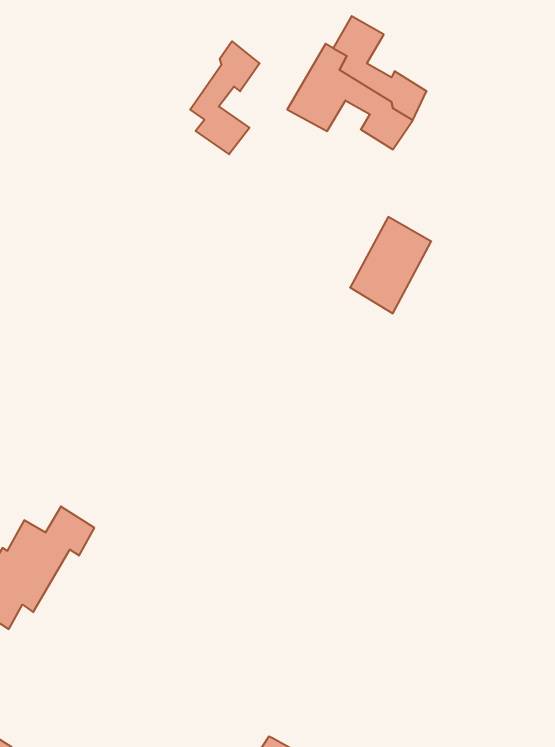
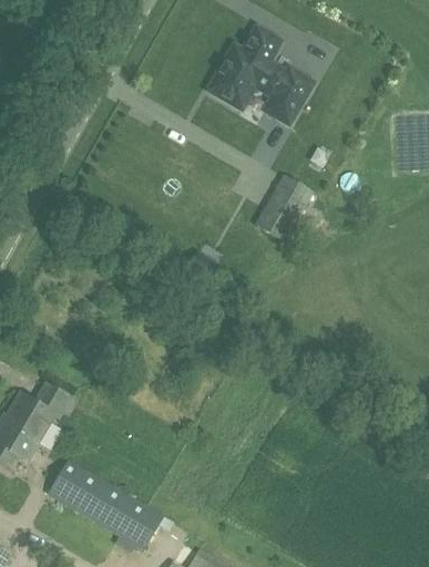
building: [190,41,260,154] -> none
building: none -> [48,460,164,548]

